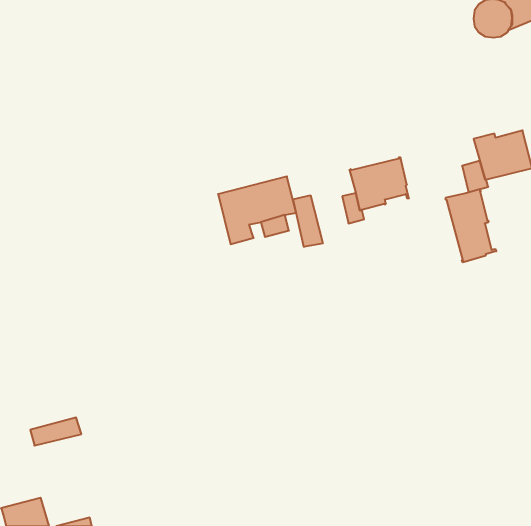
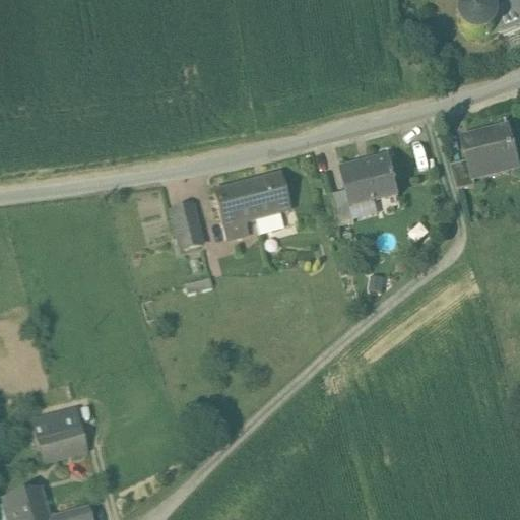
building: [446,189,496,262] -> none
building: [293,195,323,247] -> none
building: none -> [171,202,203,247]
building: none -> [36,422,88,460]

